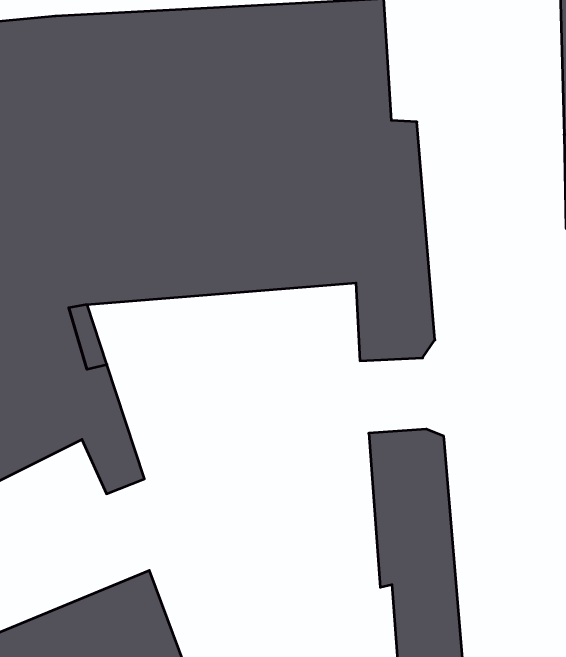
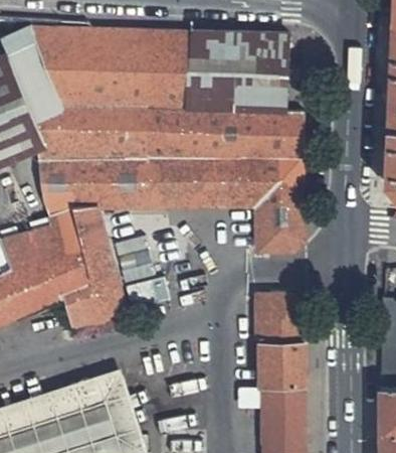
building: none -> [63,287,101,328]

